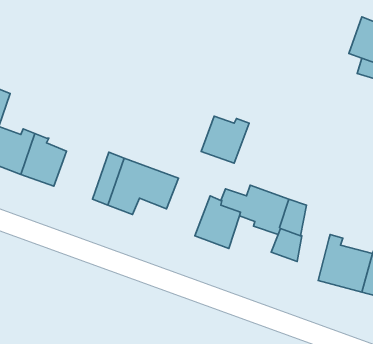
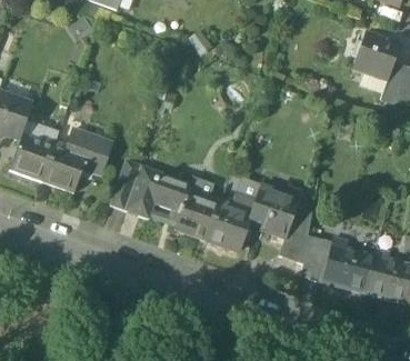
building: [201,116,249,163] -> [176,194,221,239]
building: none -> [67,129,110,173]
building: none -> [301,237,333,281]

